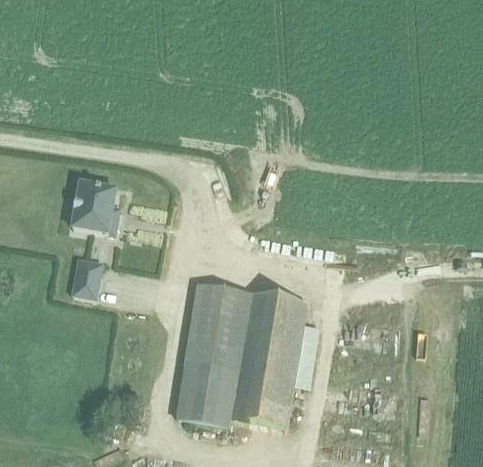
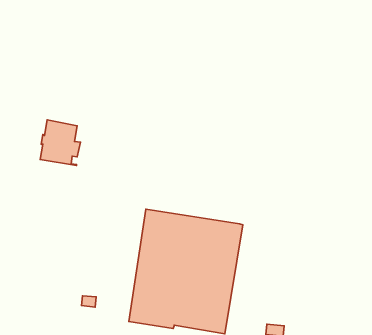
building: [72,257,103,297] -> none

